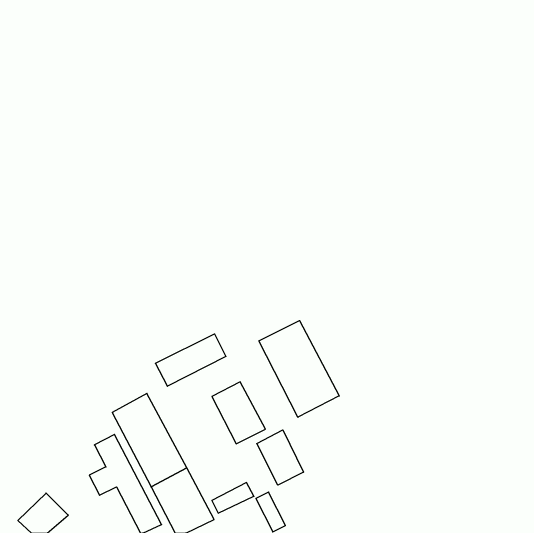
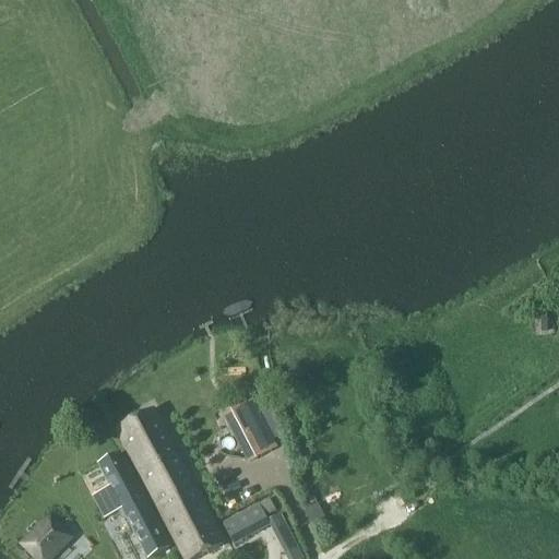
building: [259,321,339,417] -> none
building: [155,334,226,386] -> none
building: [257,430,303,485] -> none

